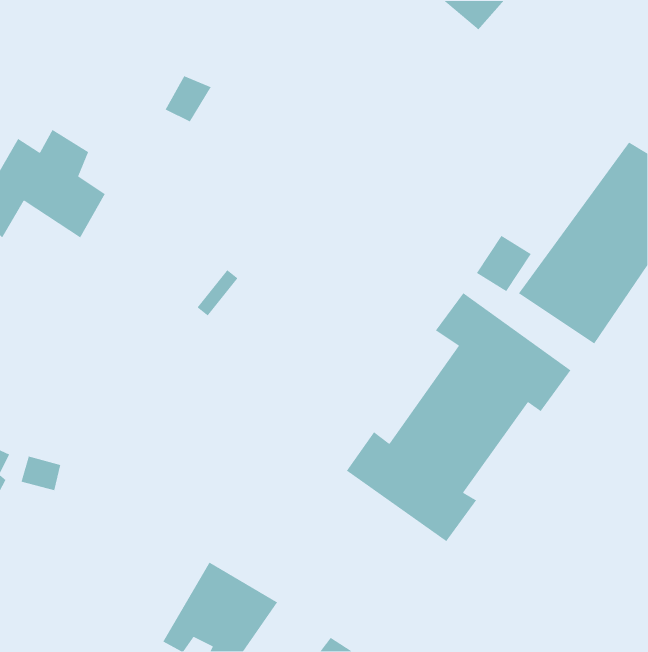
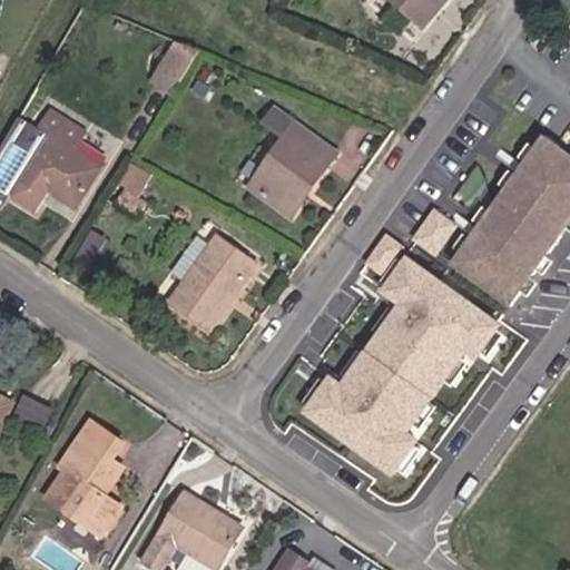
building: none -> [249,110,332,210]
building: none -> [169,239,254,333]
building: none -> [47,422,119,532]

